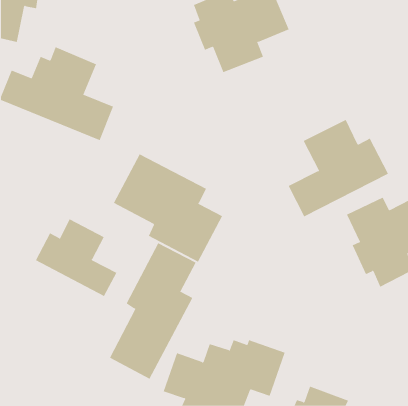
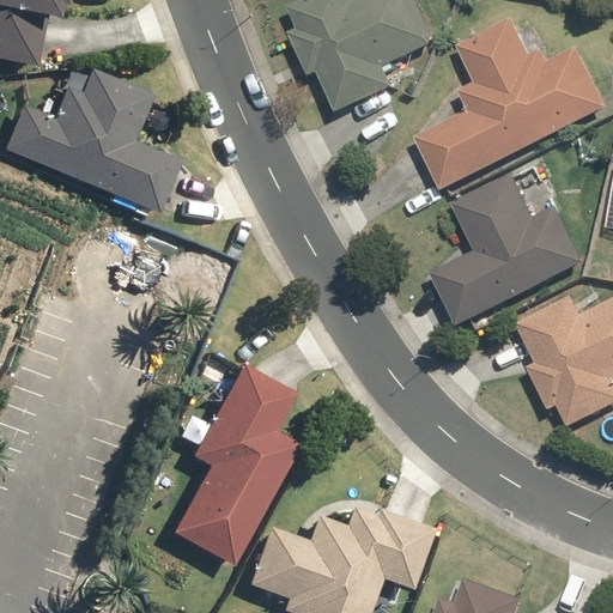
building: none -> [417,17,607,189]
building: [113,154,223,262] -> none
building: [35,219,117,297] -> none

